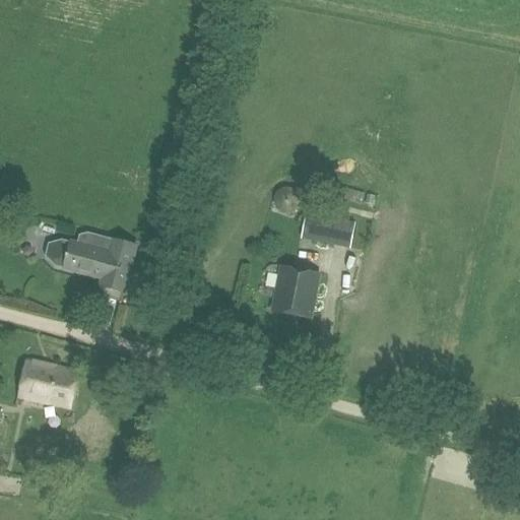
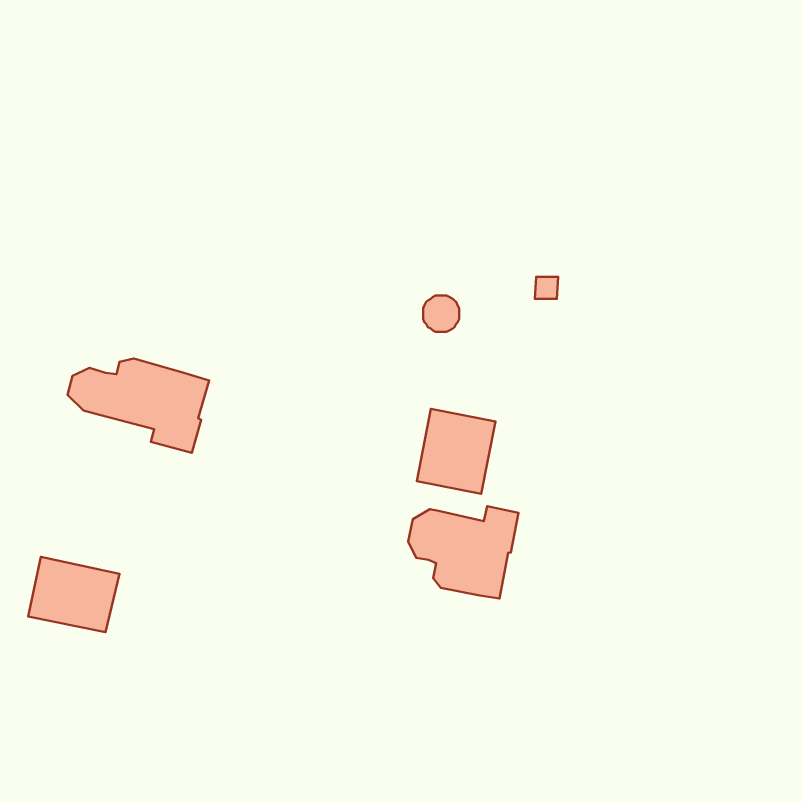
building: [300,212,354,248] -> none
building: none -> [408,506,518,598]

